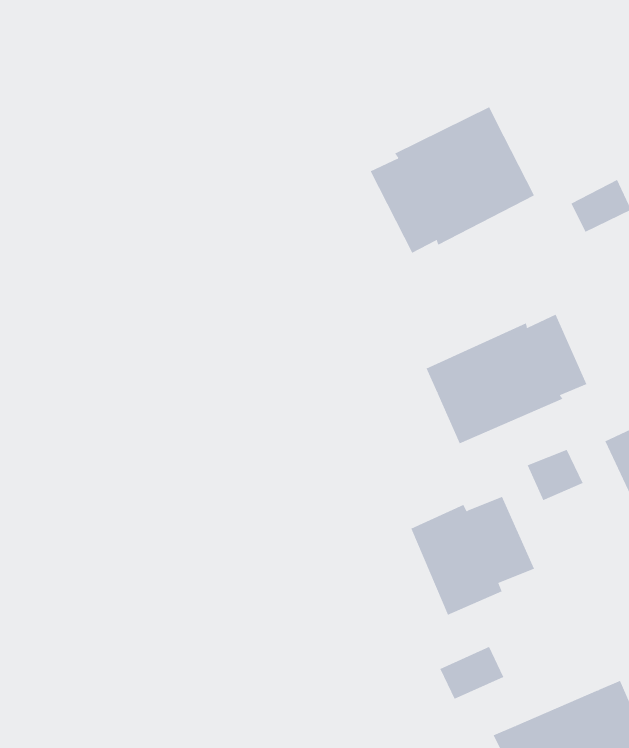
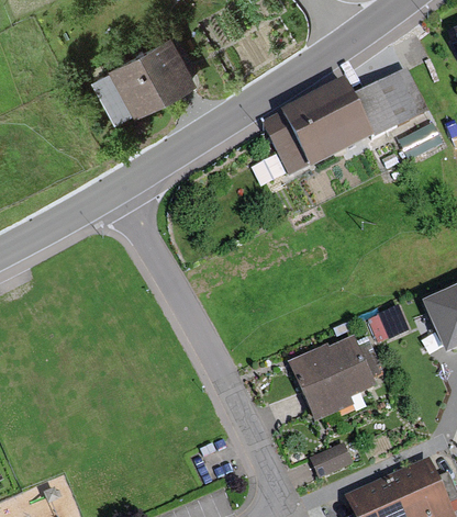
building: none -> [93,31,197,119]
building: none -> [354,67,427,137]
building: [426,314,587,444] -> none

